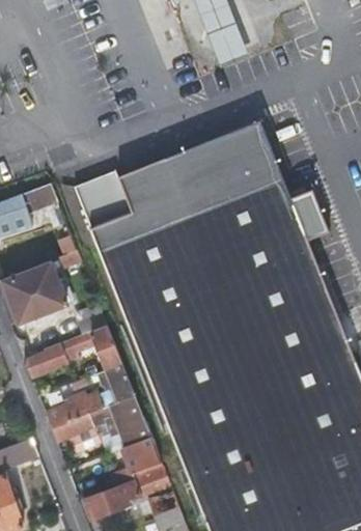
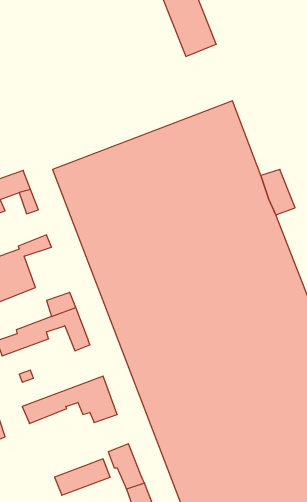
building: [43,365,131,428] -> none
building: [109,437,157,483] -> none

